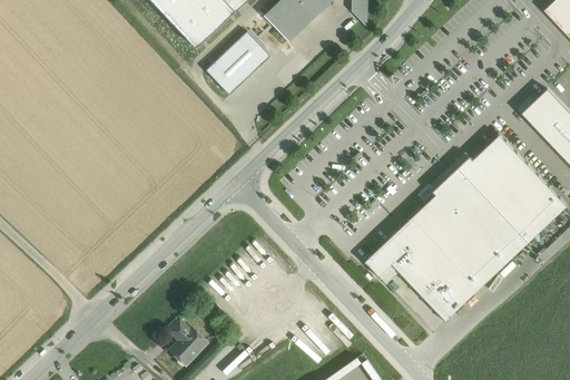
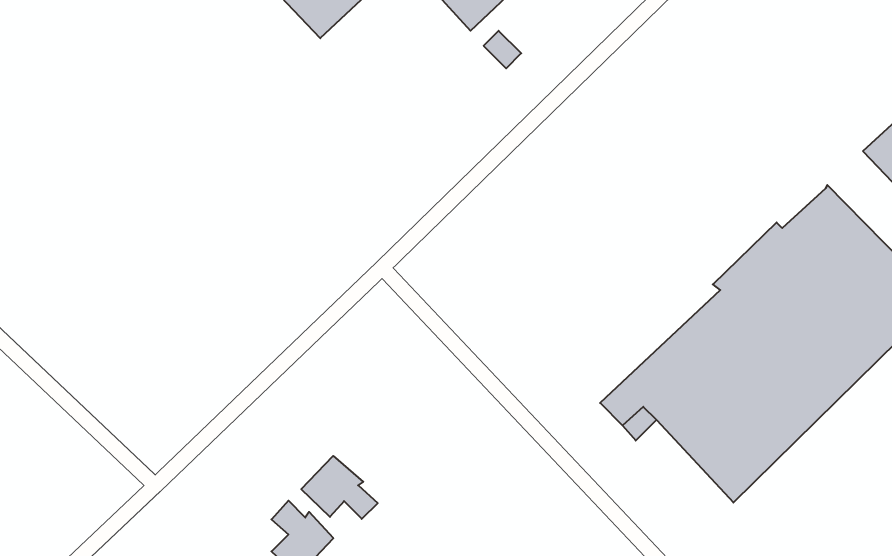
building: [202,28,269,94] -> none
building: none -> [301,456,378,519]

